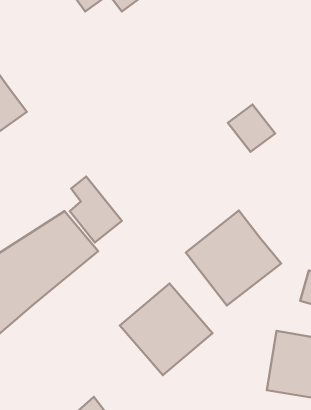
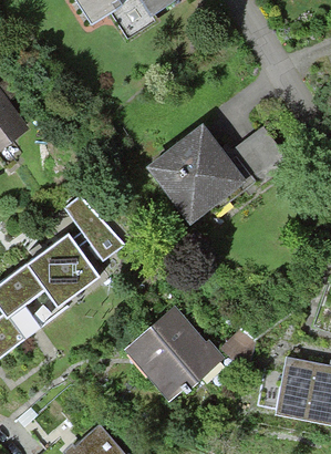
building: [186,211,281,306] -> [151,124,248,221]

